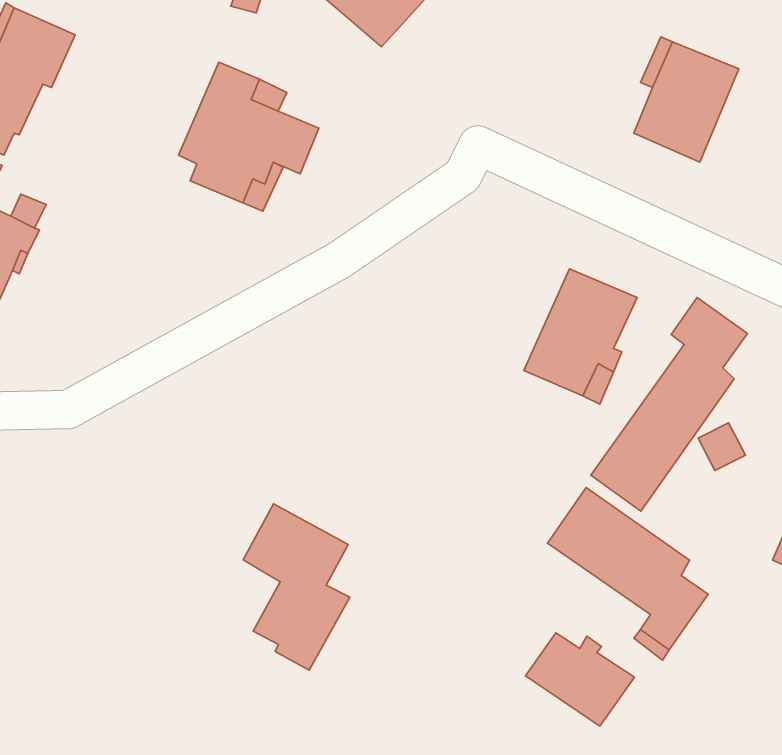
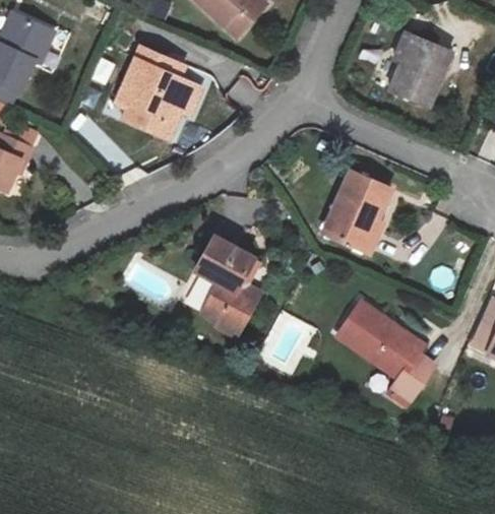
building: [591,297,747,511] -> none
building: [243,504,350,670] -> [196,236,260,335]
building: [526,633,635,726] -> none

